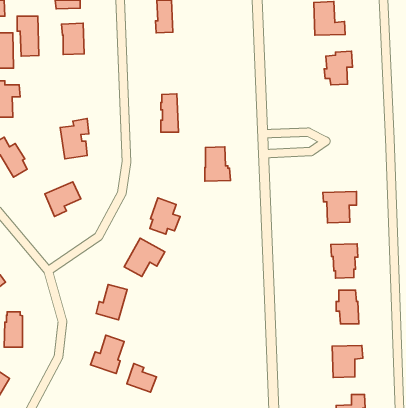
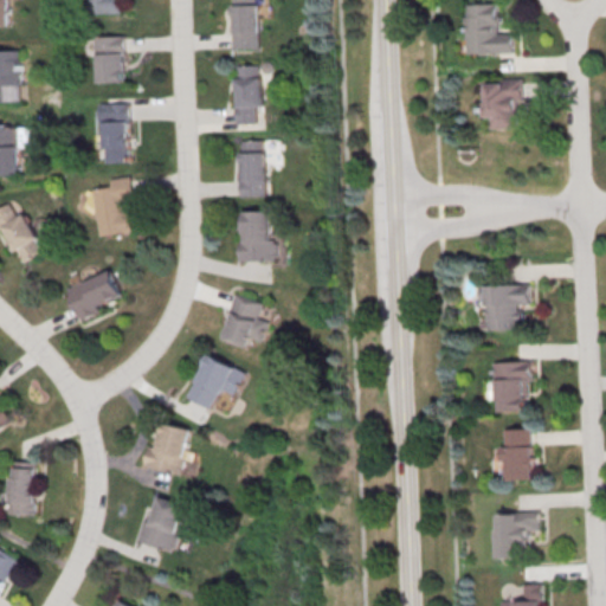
building: [17,16,39,56] -> [96,104,128,163]
building: none -> [234,66,258,124]
building: [205,147,230,181] -> [240,212,278,263]
building: [127,364,156,392] -> none

